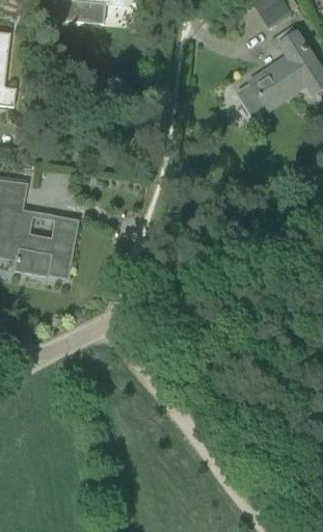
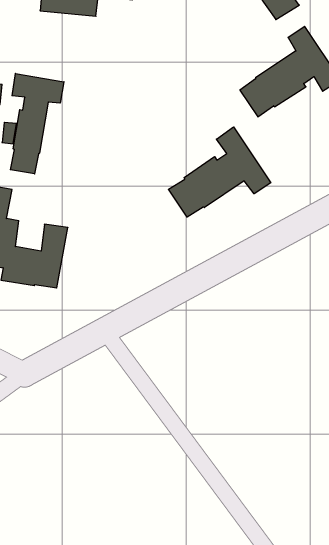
building: none -> [10,73,64,174]
building: none -> [168,127,271,217]

